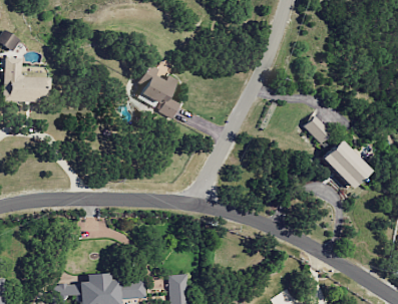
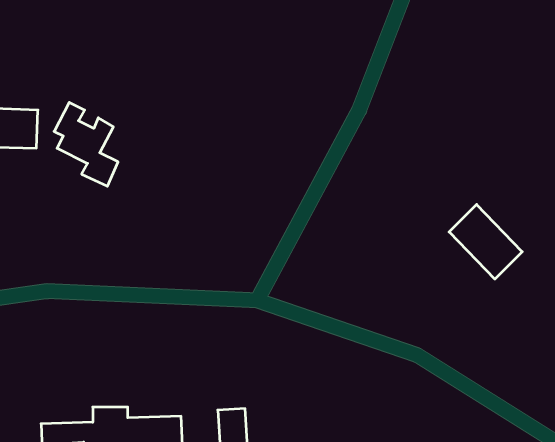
building: [138,63,180,118] -> [54,102,118,186]
building: [305,114,333,142] -> none

